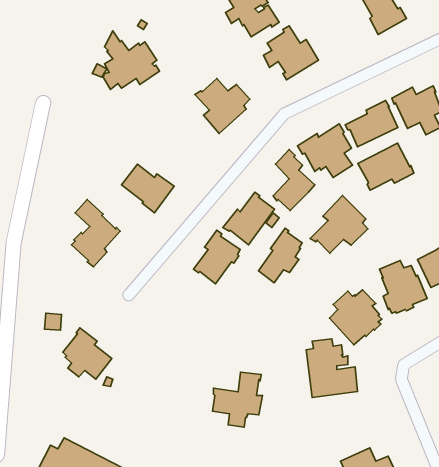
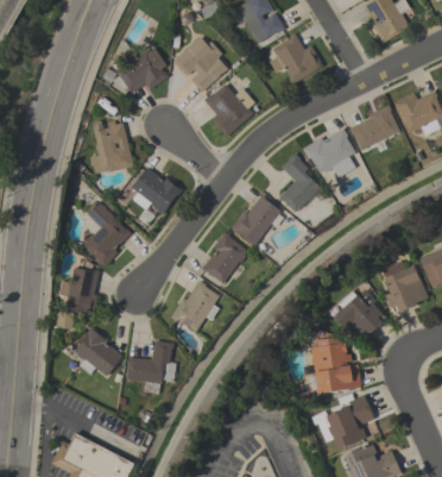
building: none -> [173,37,228,92]
building: none -> [90,120,134,174]
building: [358,143,414,190] -> none
building: [310,196,368,253] -> none
building: [258,228,302,283] -> none
building: none -> [58,266,100,316]
building: none -> [170,280,221,332]
building: [212,372,263,427] -> [127,340,176,394]
building: none -> [327,393,374,450]

